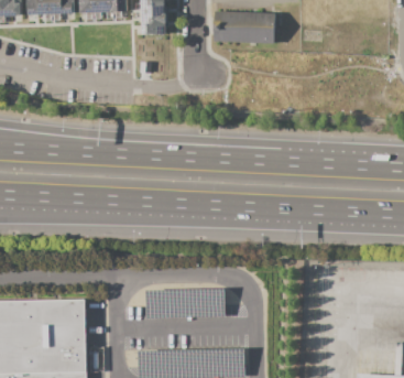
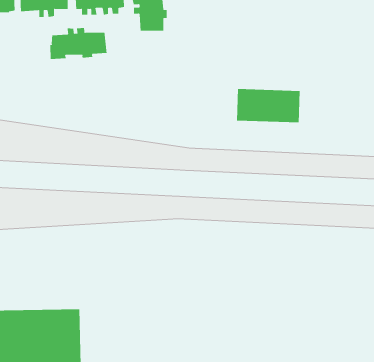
building: [214,11,275,44] -> [236,88,301,123]
building: none -> [50,27,107,60]

